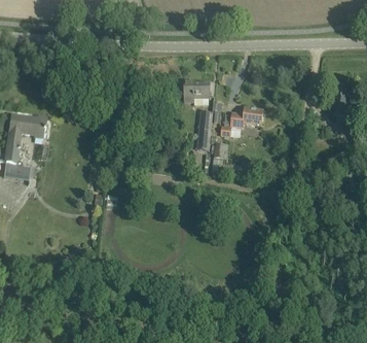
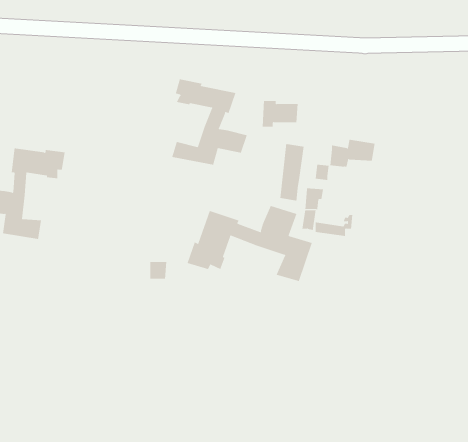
building: none -> [172,78,247,165]
building: none -> [187,205,312,282]

